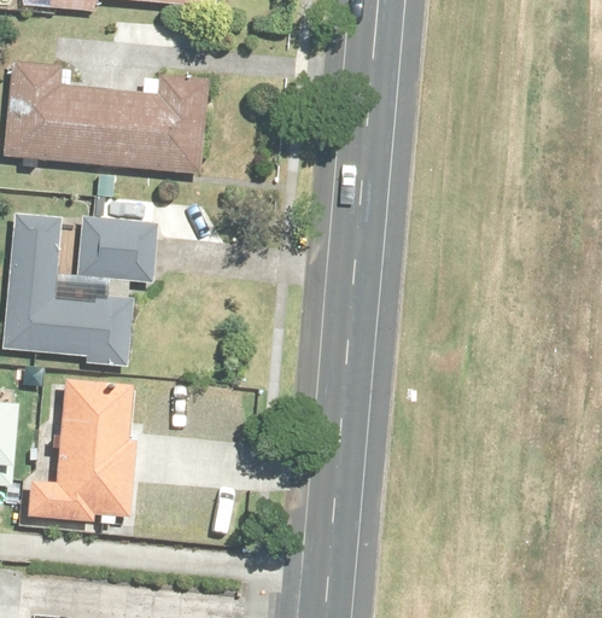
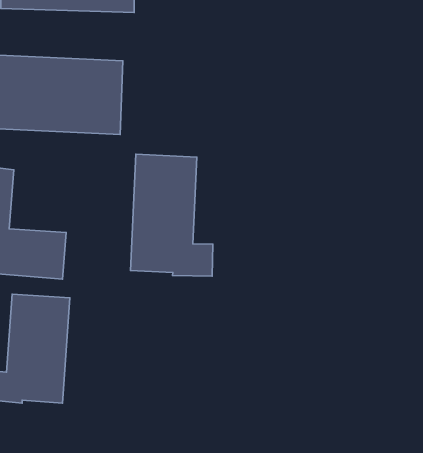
building: none -> [130,154,213,276]
building: [58,226,139,288] -> none

